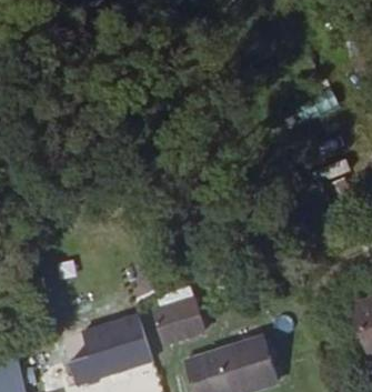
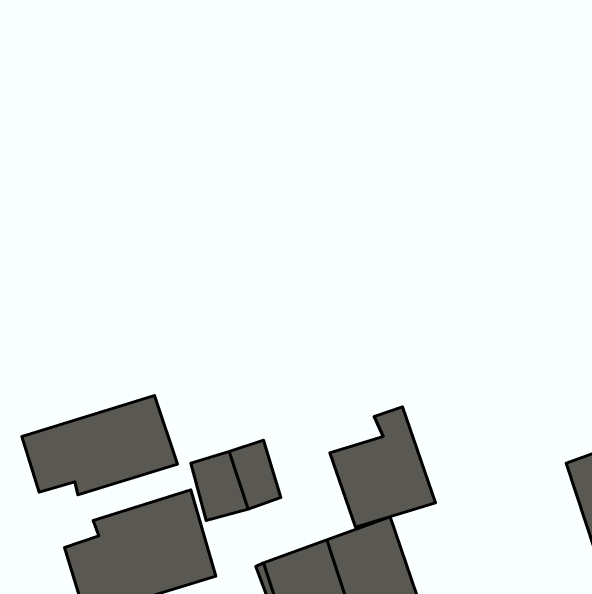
building: none -> [22,395,177,495]
building: none -> [330,407,435,527]

